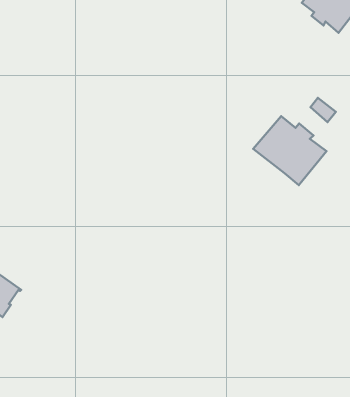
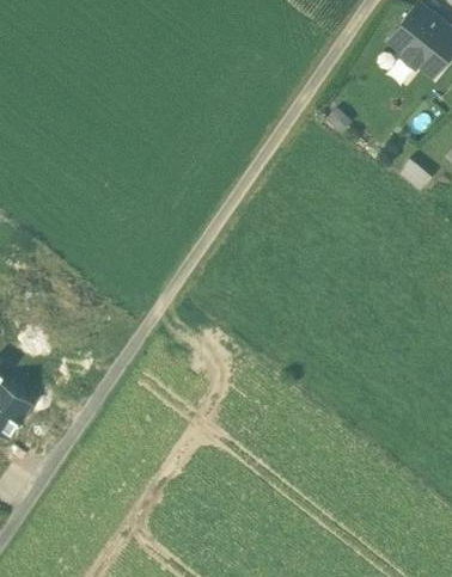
building: [253,116,327,185] -> none

